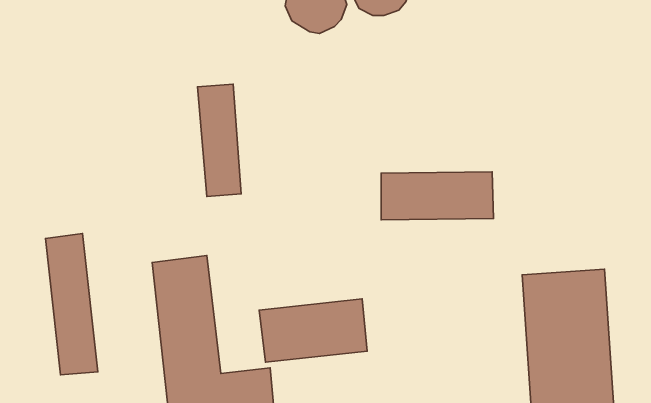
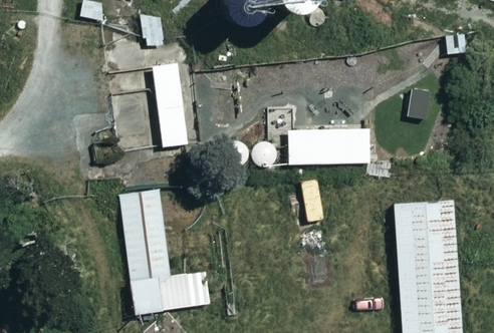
building: [46,234,98,375] -> none
building: [259,299,367,362] -> none

